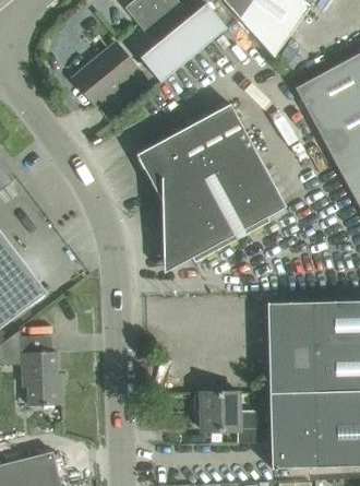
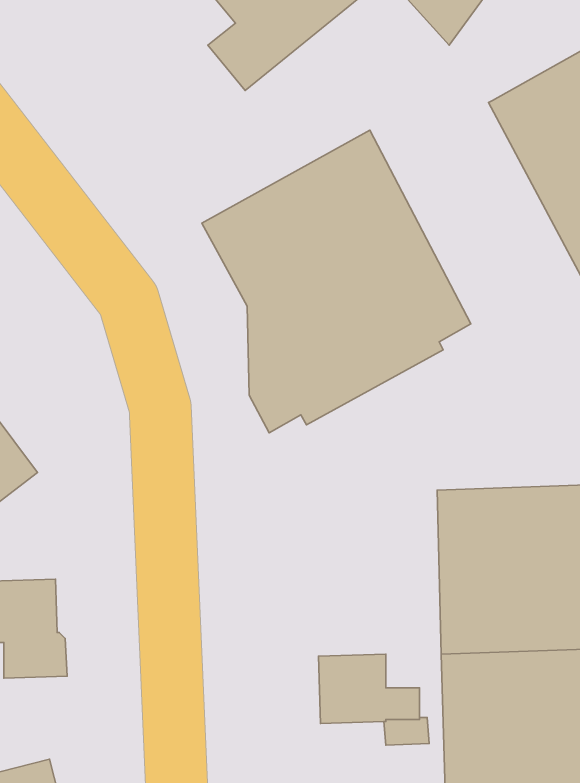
building: [72,43,139,107] -> none

